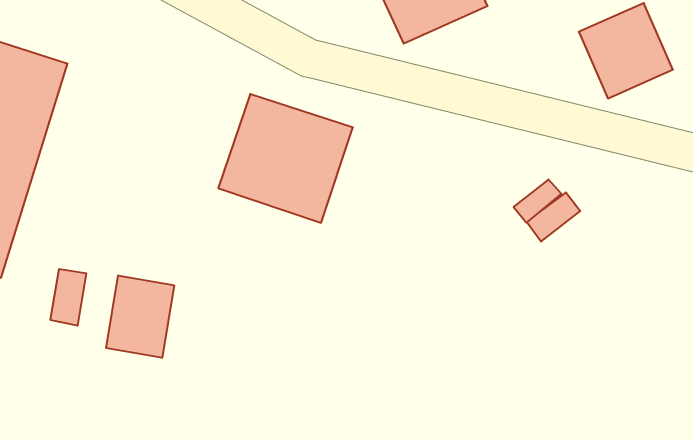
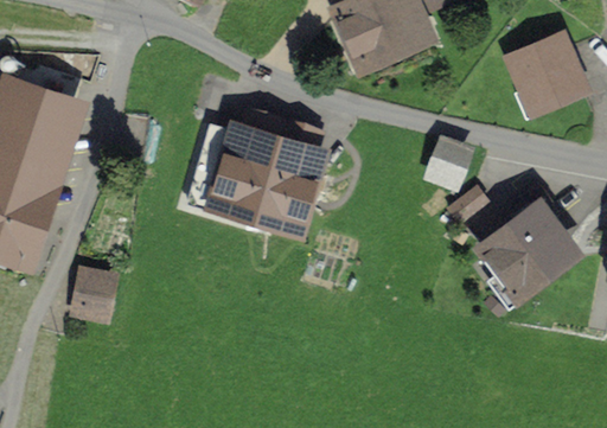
building: none -> [428,145,472,187]
building: none -> [473,212,571,307]
building: [106,275,174,358] -> none

